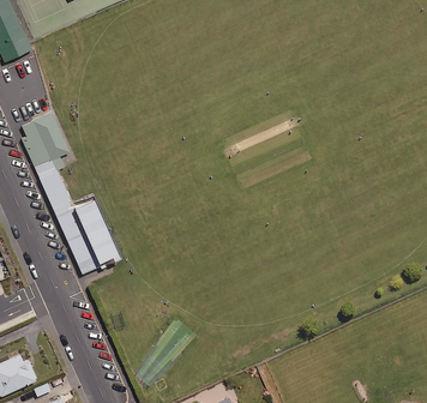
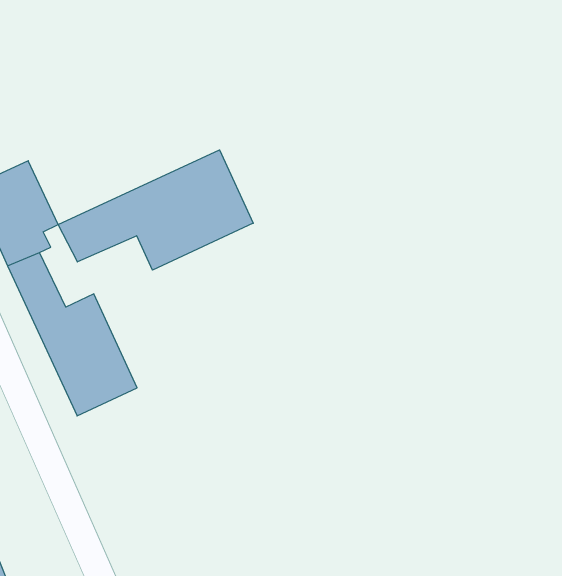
building: none -> [58,150,253,270]

